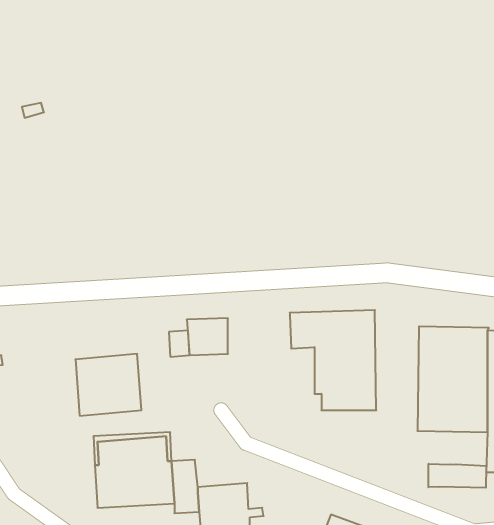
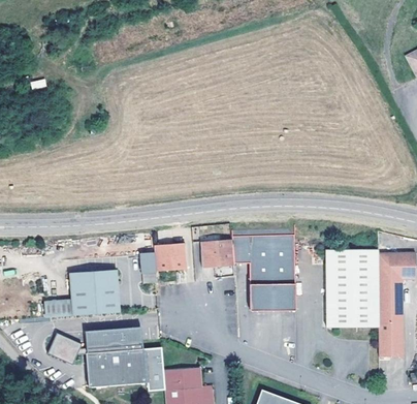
building: none -> [201,240,233,268]
building: none -> [46,301,73,317]
building: none -> [46,333,81,365]
building: [428,464,486,488] -> none

